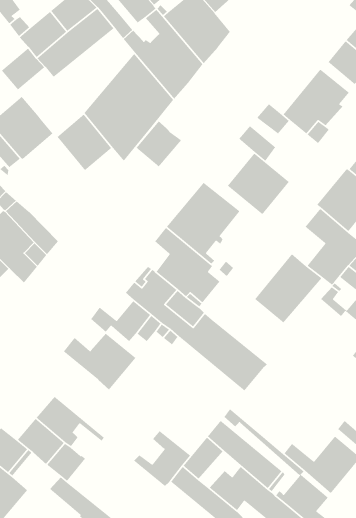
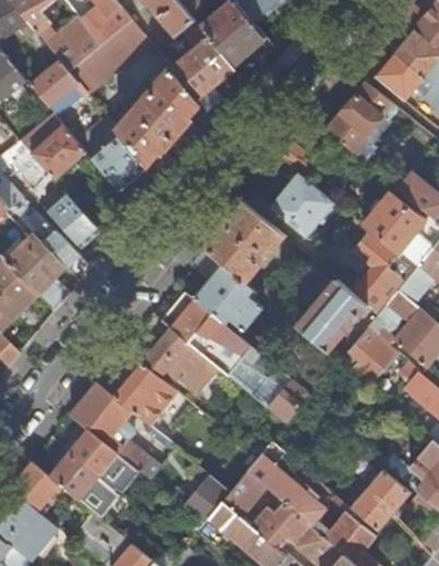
building: [135,120,182,168] -> none
building: none -> [44,190,101,248]
building: none -> [347,326,398,387]
building: none -> [70,381,150,472]

